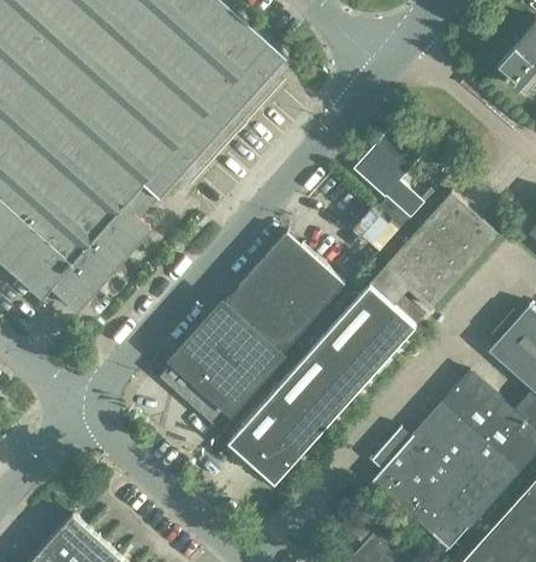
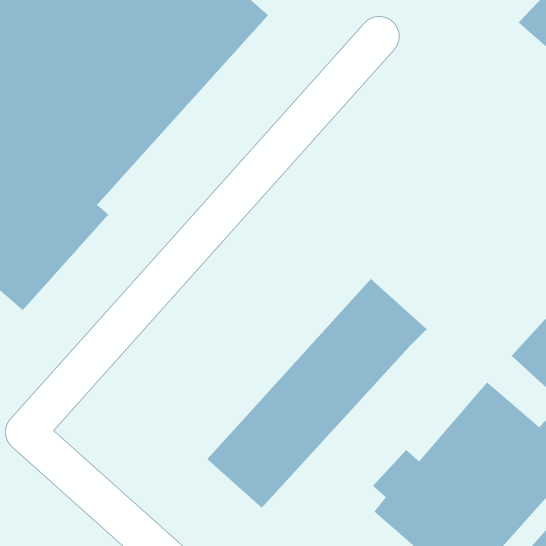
building: [357,137,423,227] -> none
building: [370,193,499,311] -> none
building: [160,232,344,424] -> none

